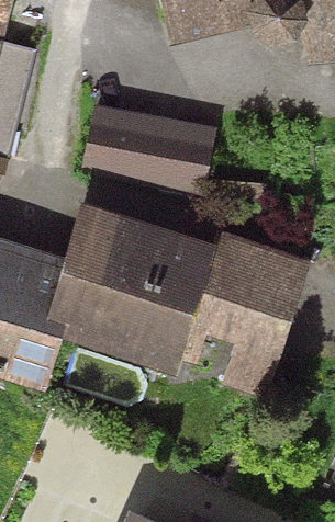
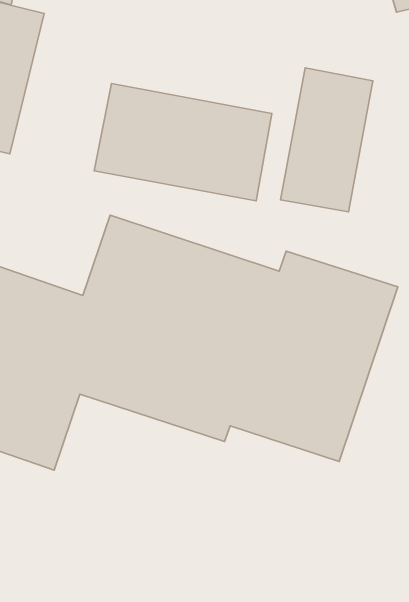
building: none -> [281,68,373,212]

